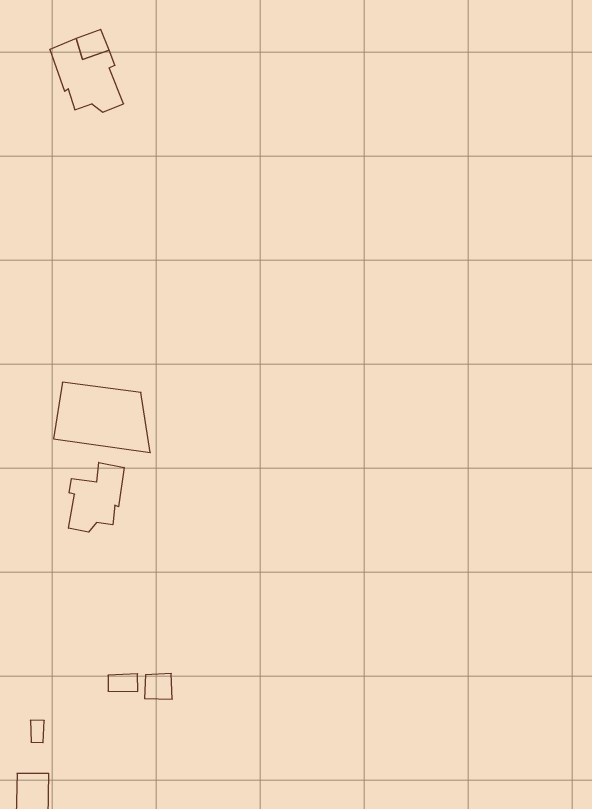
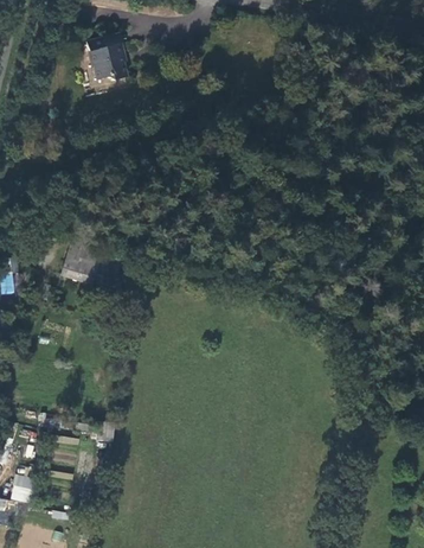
building: [69,462,124,532] -> none

